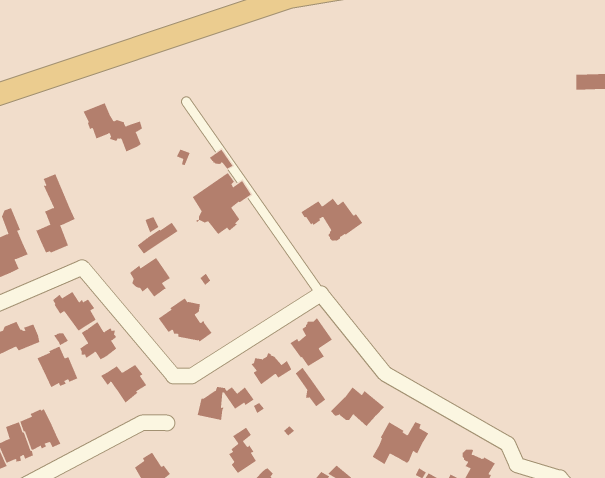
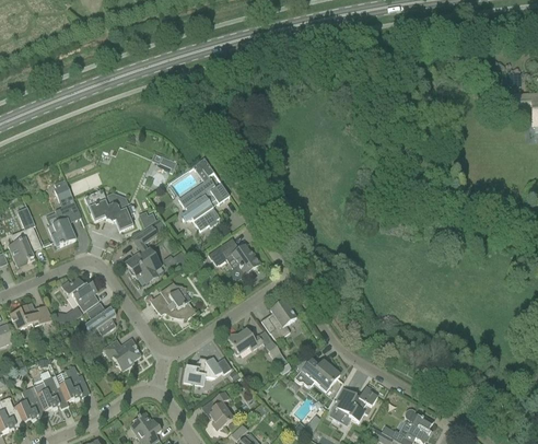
building: [83,102,143,152] -> [83,189,133,231]
building: [300,198,363,241] -> [208,242,260,278]
building: [36,346,78,388] -> [55,365,90,400]

